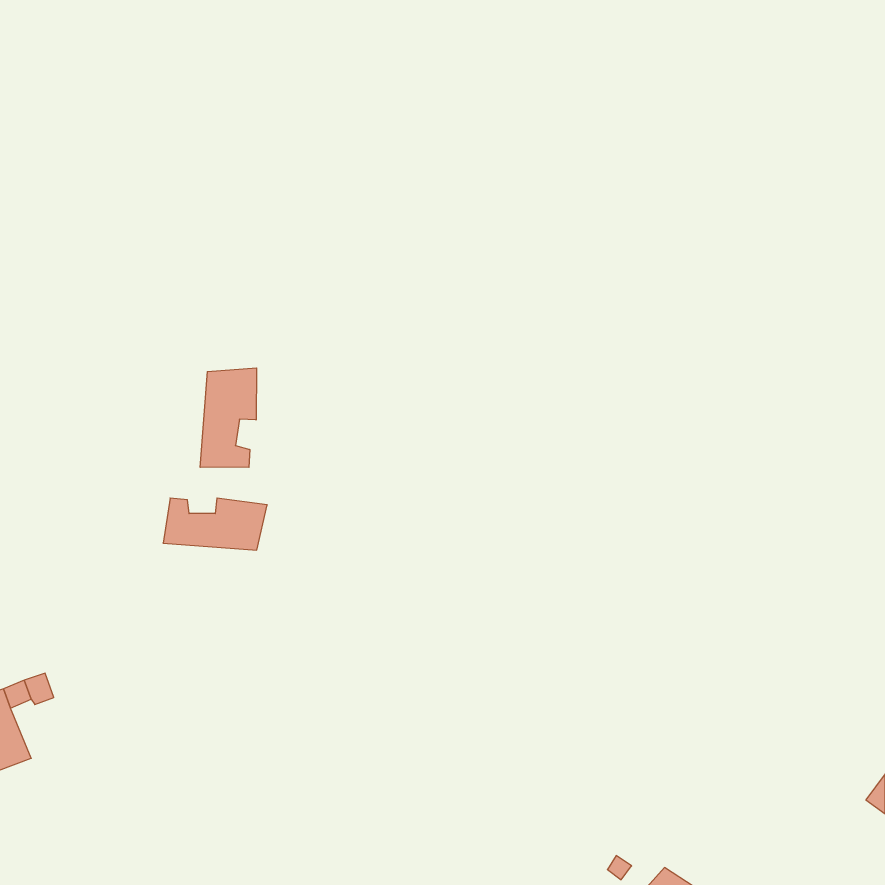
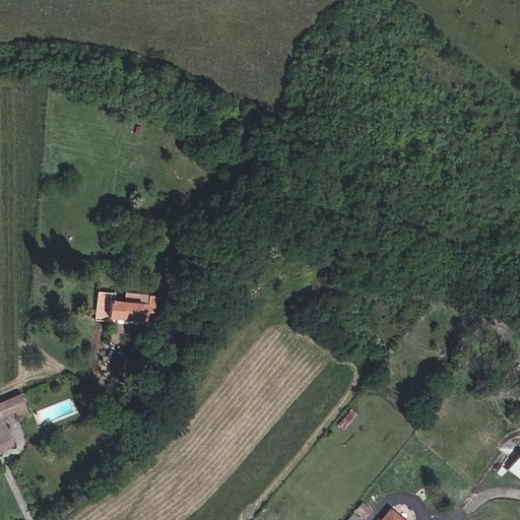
building: [200,368,256,467] -> none

